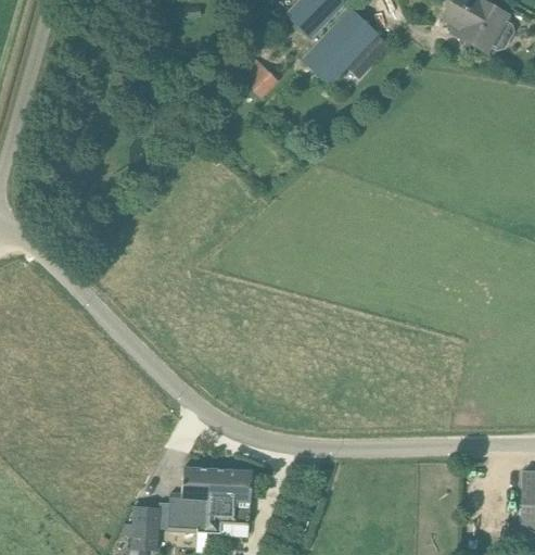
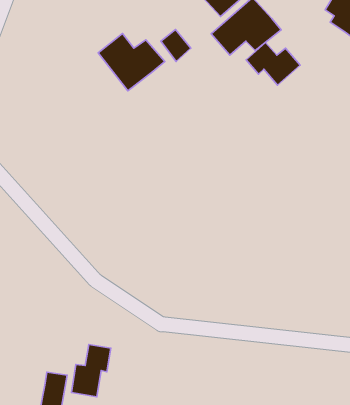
building: none -> [246,42,300,85]
building: none -> [98,34,165,91]
building: [200,467,252,531] -> none

